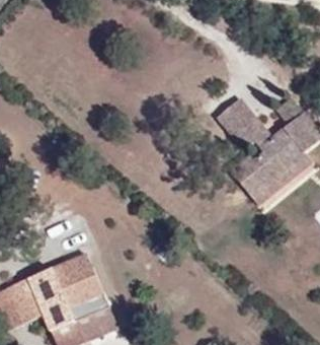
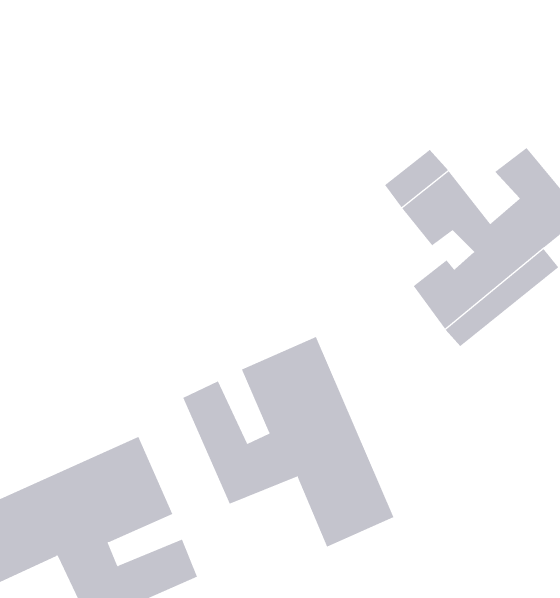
building: none -> [183,336,394,547]

